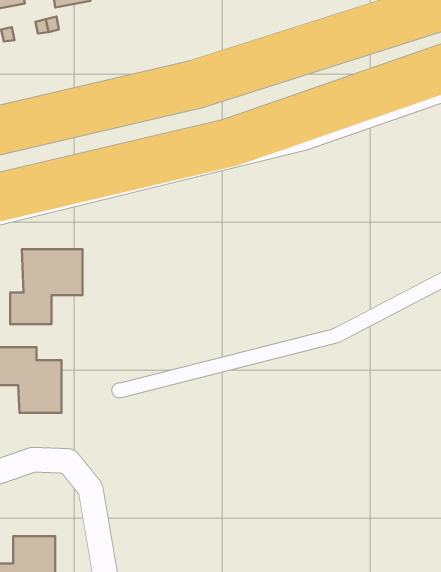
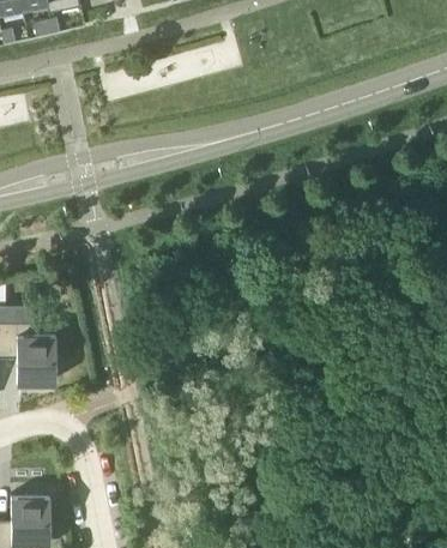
building: [10,249,83,324] -> none

